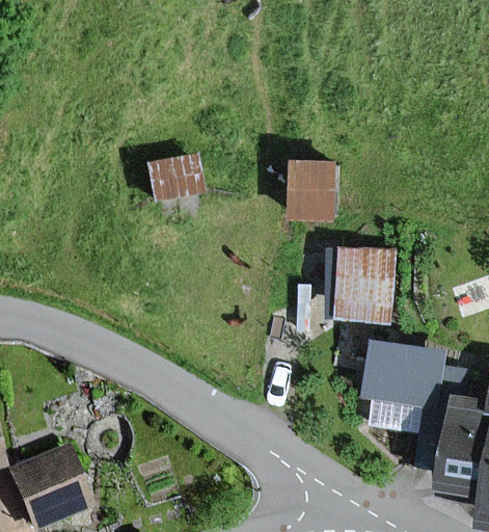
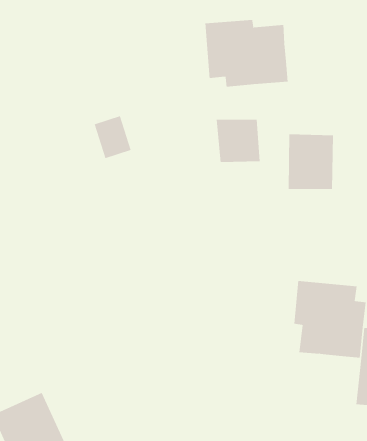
building: none -> [205,19,288,87]
building: [335,250,391,317] -> [288,134,334,189]

